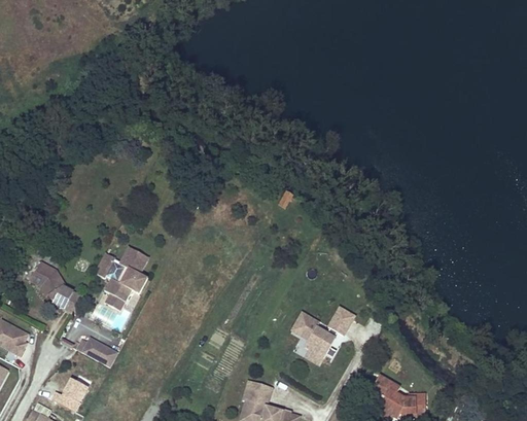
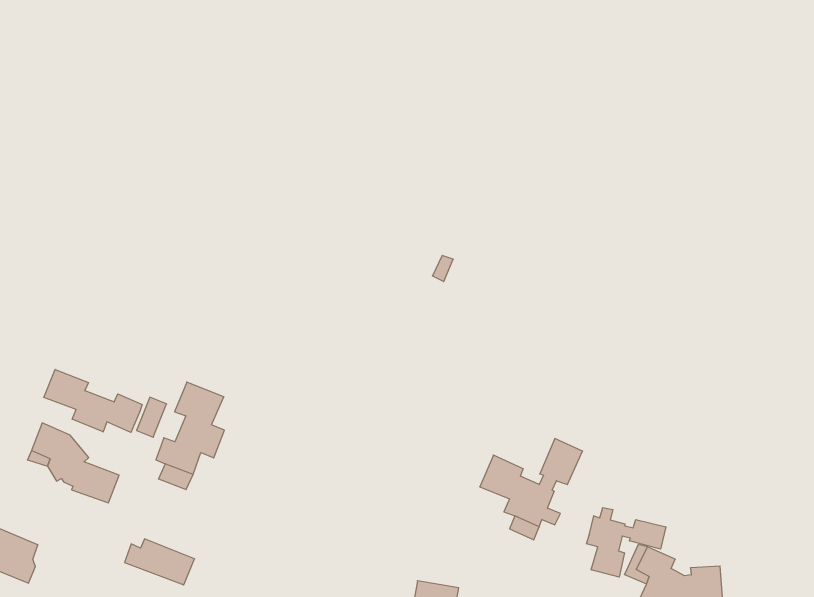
building: none -> [44,369,142,432]
building: none -> [586,508,666,577]

